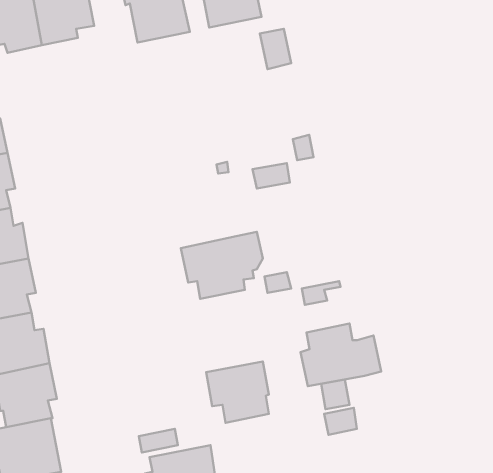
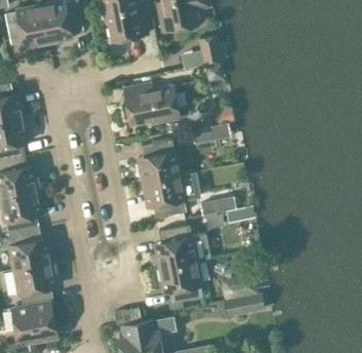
building: none -> [123,84,187,125]
building: none -> [136,140,179,184]
building: [300,324,381,386] -> [154,226,209,269]

